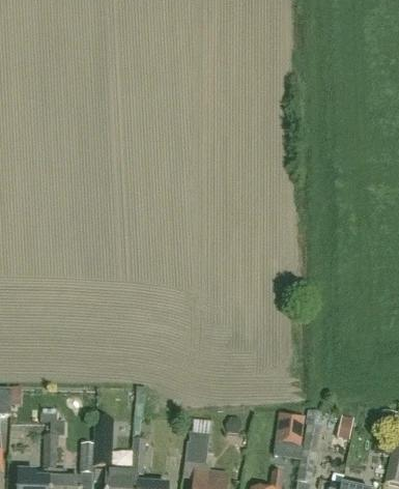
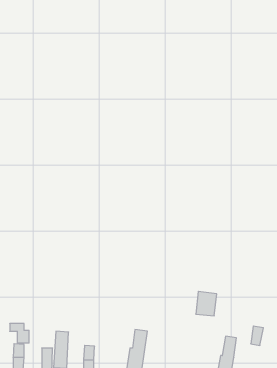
building: [277,418,303,448] -> [196,291,217,316]

